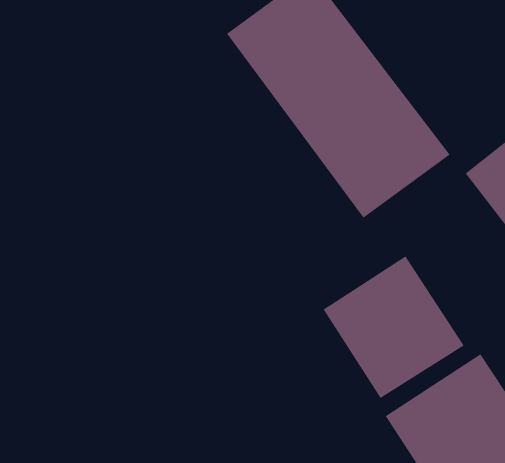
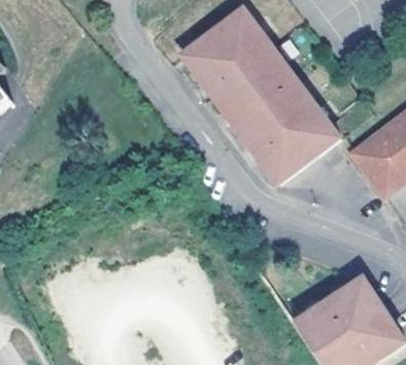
building: [323,255,464,399] -> none

